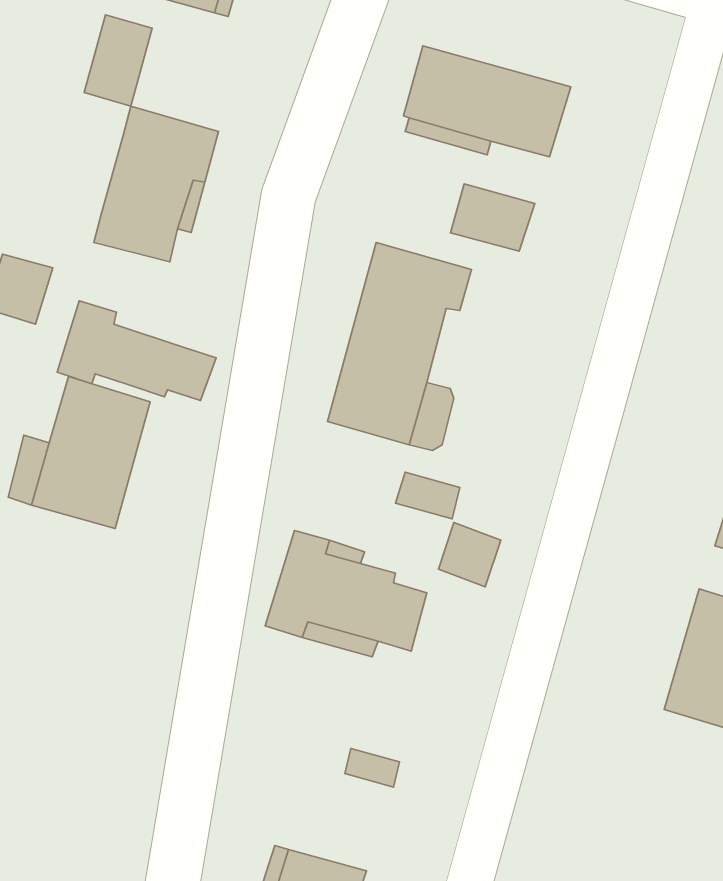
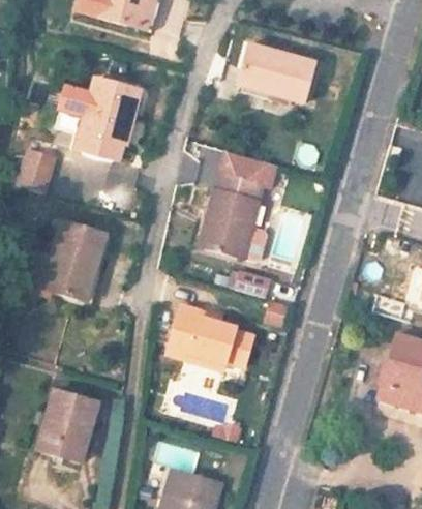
building: [84,15,152,106] -> [55,85,91,133]
building: [451,184,535,251] -> none
building: [57,301,216,400] -> none
building: none -> [38,390,96,460]

